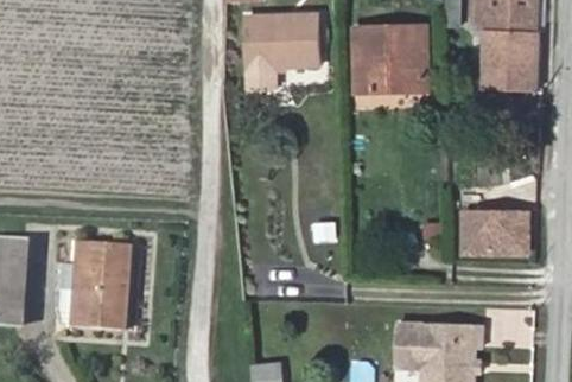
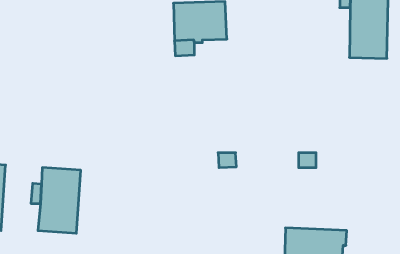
building: [354,25,430,91] -> none
building: [466,212,529,252] -> none

